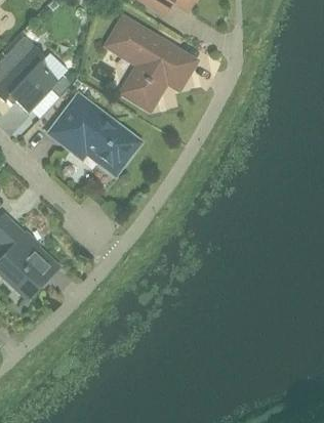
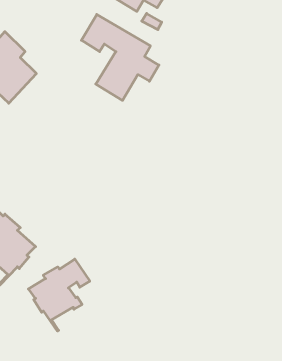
building: [47,94,136,167] -> none
building: none -> [28,259,90,331]

